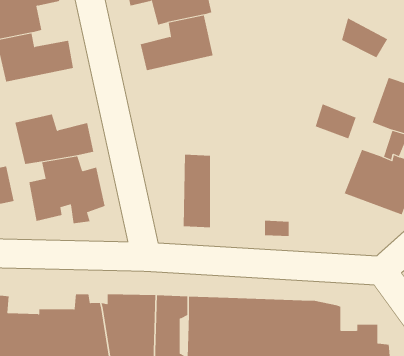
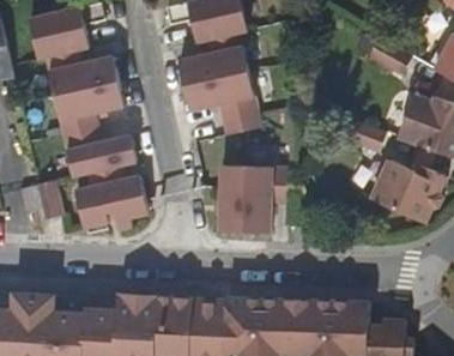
building: none -> [184,70,261,134]
building: none -> [52,82,121,133]
building: none -> [246,164,286,233]

